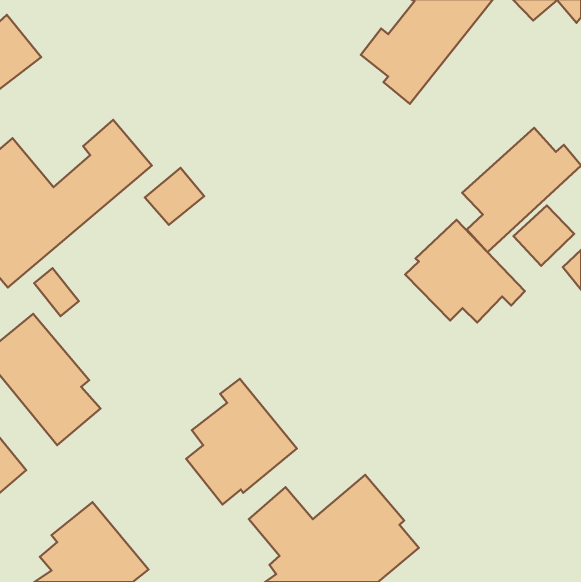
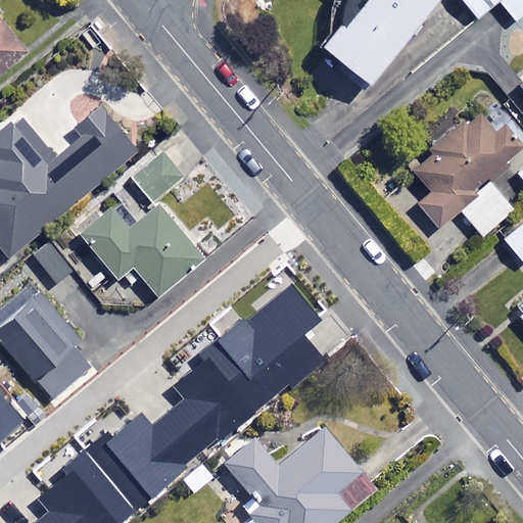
building: [405,220,525,323] -> none
building: none -> [78,202,203,296]
building: none -> [215,283,325,401]
building: none -> [83,411,199,510]

